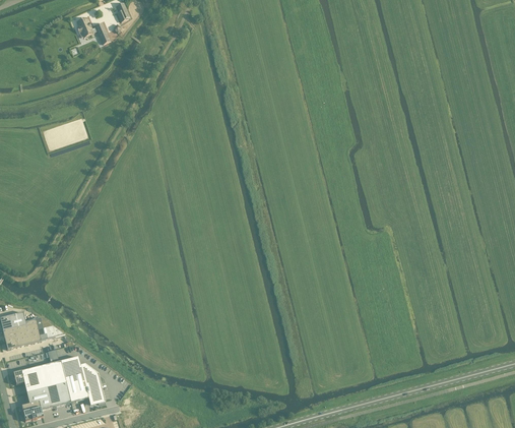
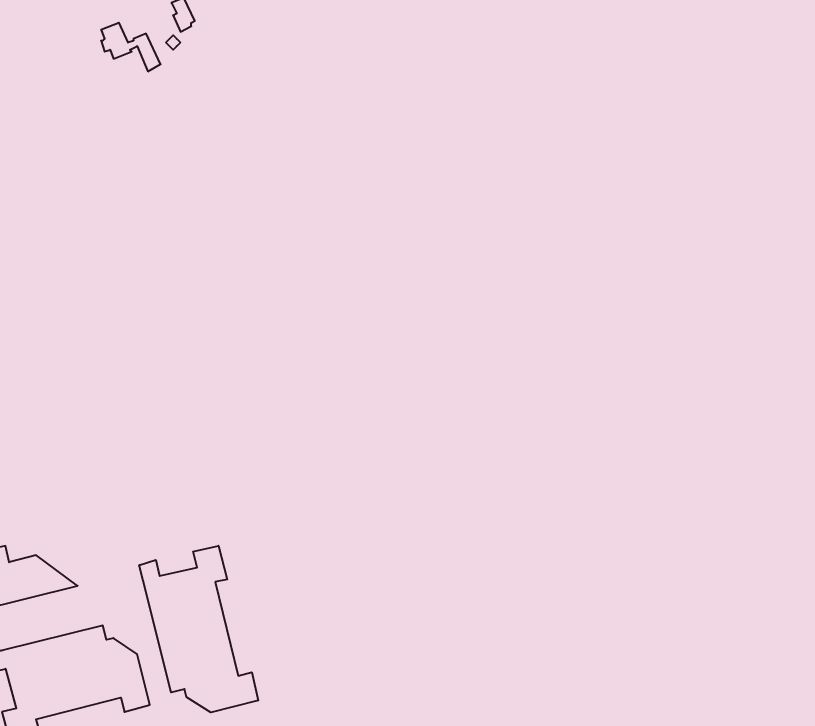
building: none -> [139,546,258,712]

